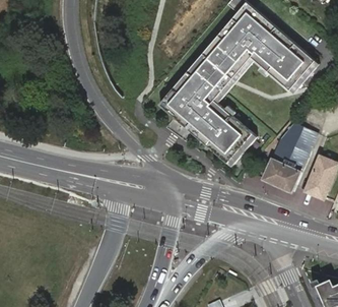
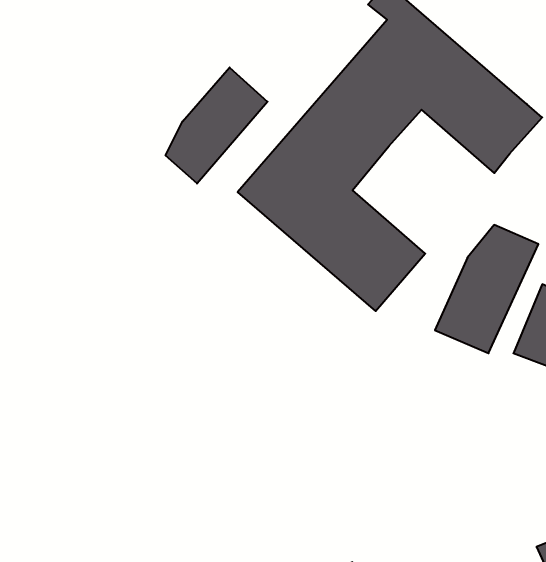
building: none -> [166,67,268,184]

